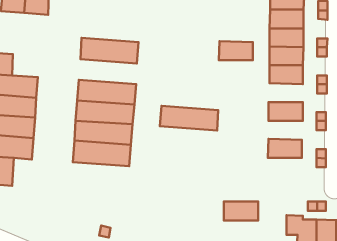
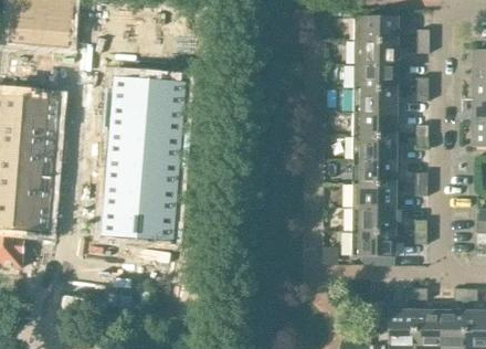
building: [219,41,253,60] -> [352,135,397,159]
building: none -> [21,97,56,127]
building: [160,106,218,131] -> [107,104,182,136]
building: none -> [352,183,397,208]
building: [224,202,258,220] -> [351,231,395,255]

